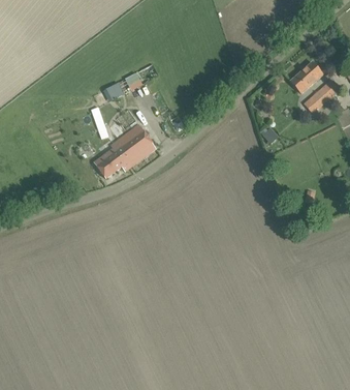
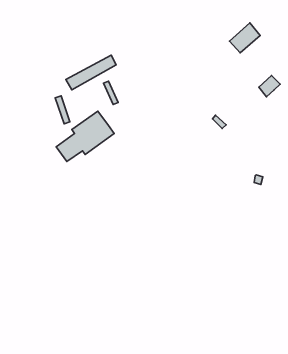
building: [290,59,323,91] -> [229,23,260,53]

